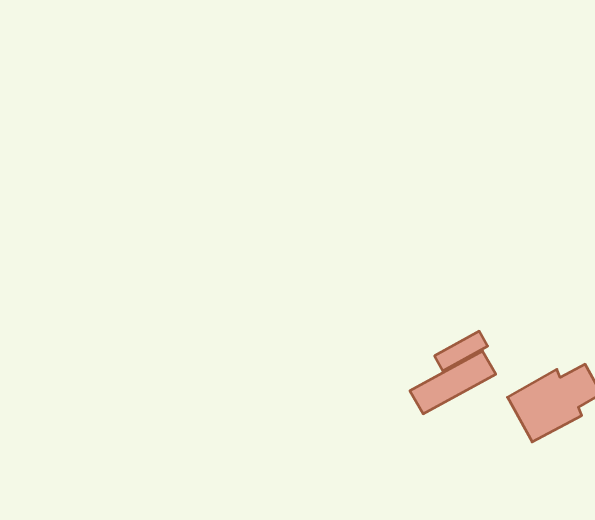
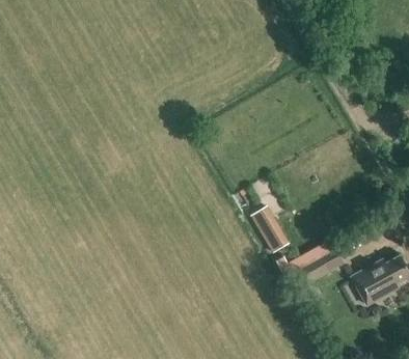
building: none -> [250,205,290,254]

